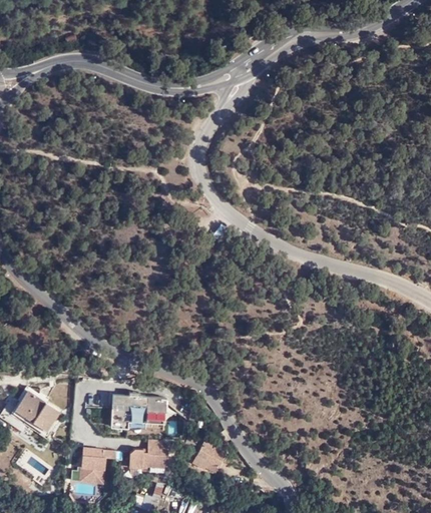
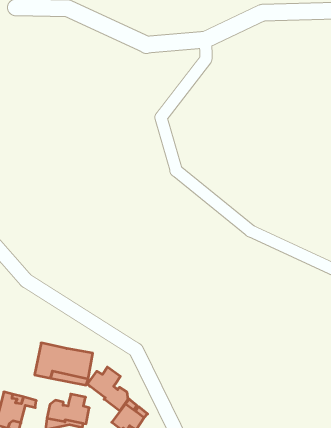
building: none -> [87,367,128,411]

